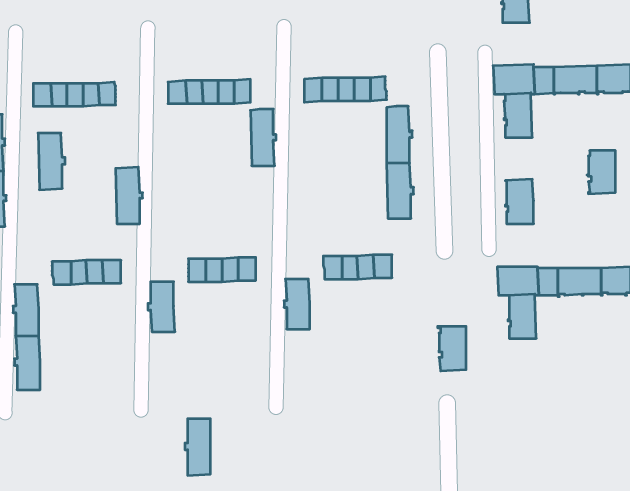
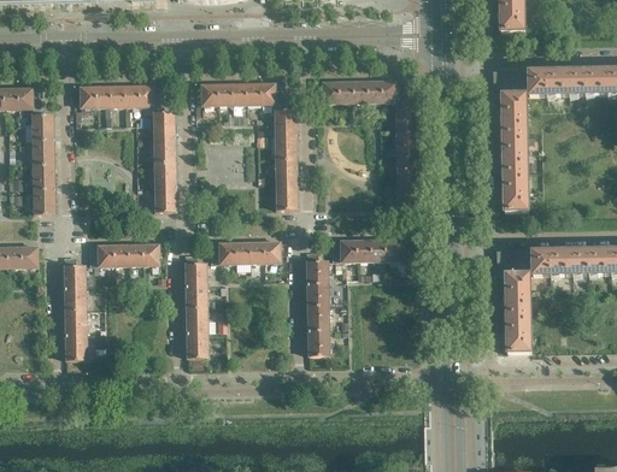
building: [38,133,65,190] -> [153,111,177,161]
building: [587,151,615,194] -> [501,134,527,172]
building: none -> [276,159,299,208]
building: [438,326,466,371] -> [505,313,530,353]
building: none -> [306,305,329,355]
building: [185,419,210,475] -> [184,307,207,358]

